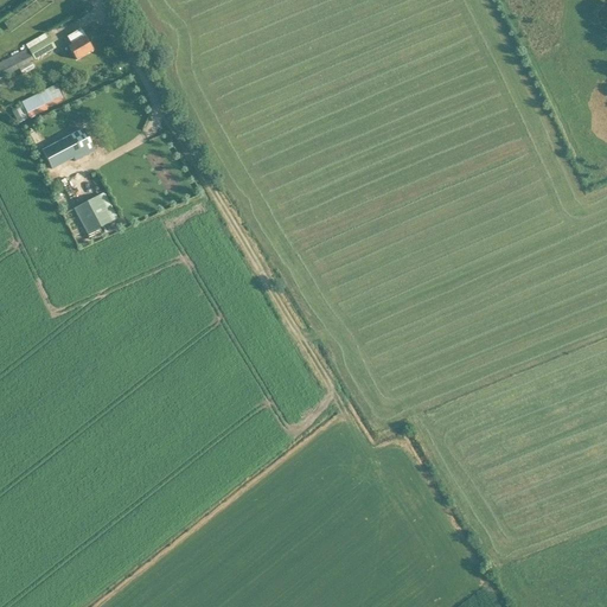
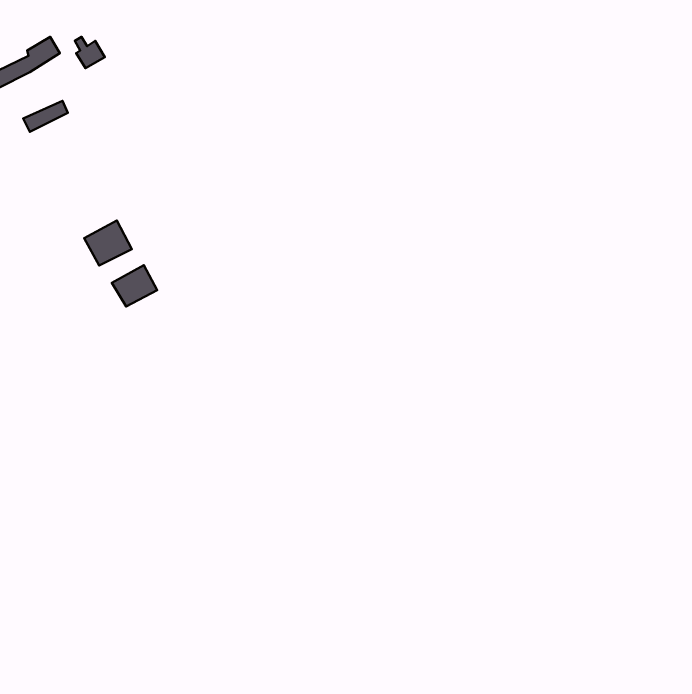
building: [40,128,96,168] -> none
building: none -> [112,265,157,307]

